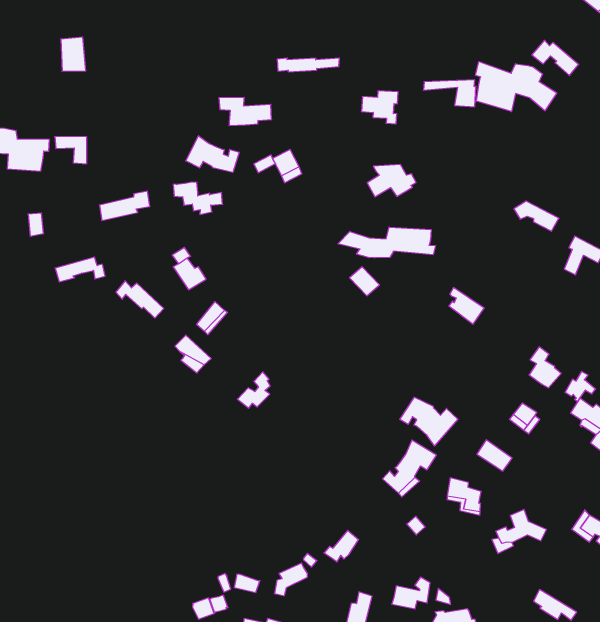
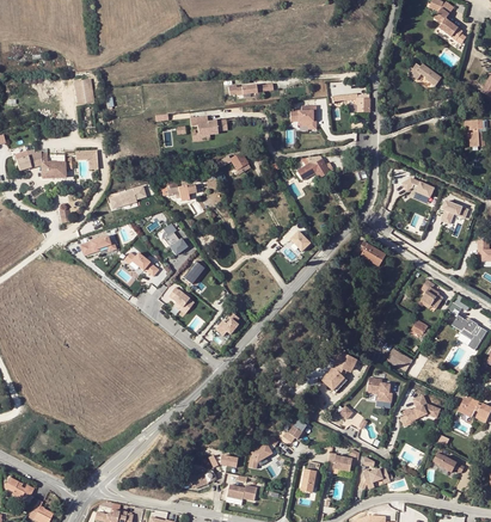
building: [475,62,557,112] -> none
building: [186,136,239,172] -> none
building: [338,227,435,258] -> none
building: [400,397,458,446] -> none

